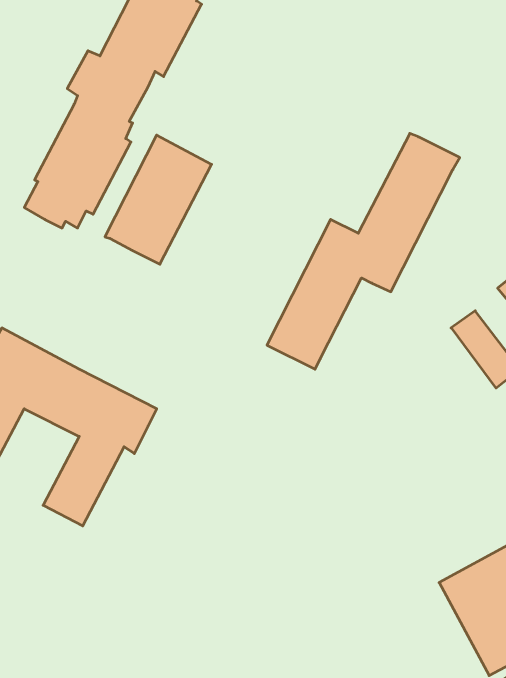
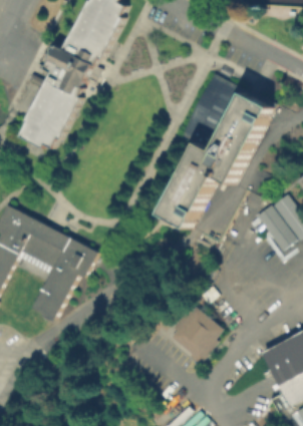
building: [105,135,212,264] -> [183,73,245,148]
building: none -> [253,204,294,250]
building: none -> [170,303,223,363]

